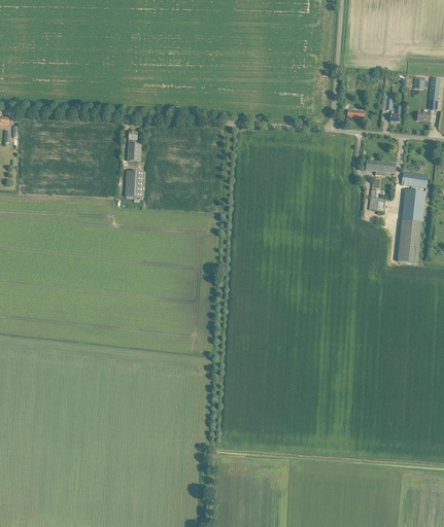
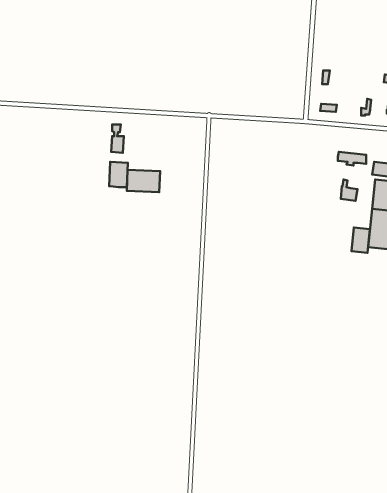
building: none -> [127,170,160,192]
building: none -> [351,228,370,253]

